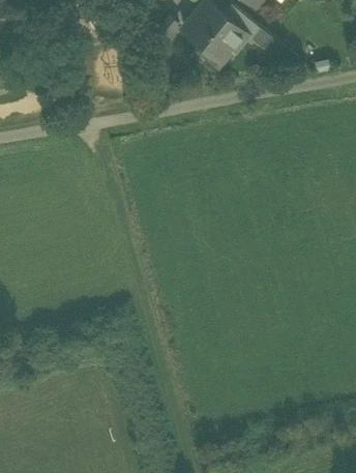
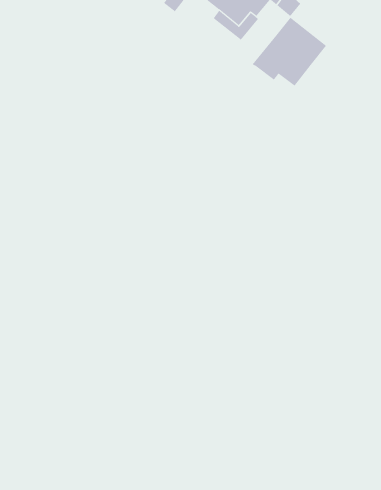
building: none -> [252,17,327,87]

